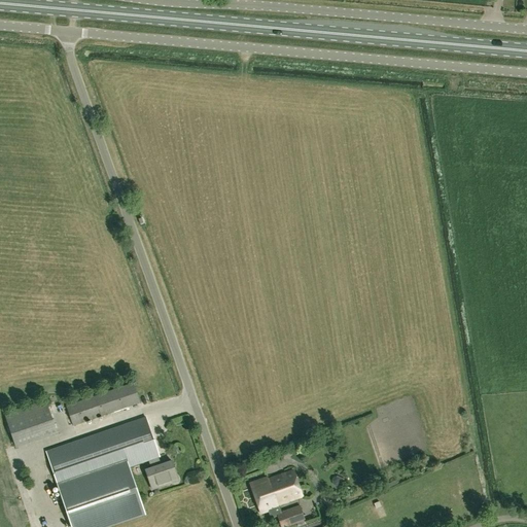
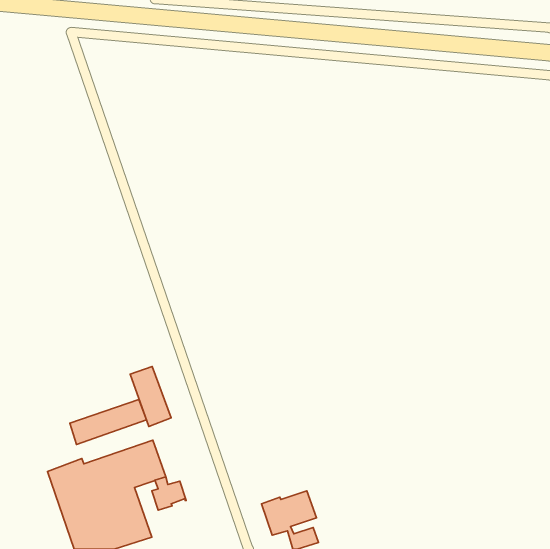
building: none -> [130,366,171,427]
building: [4,399,57,445] -> none

